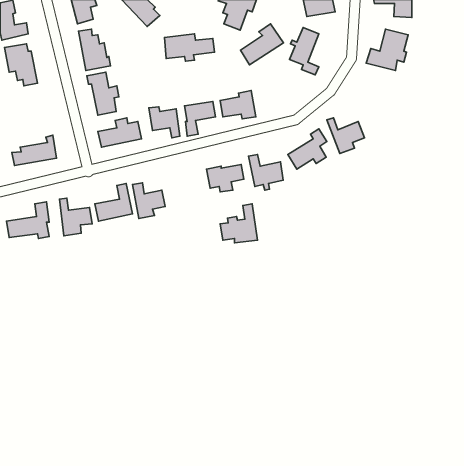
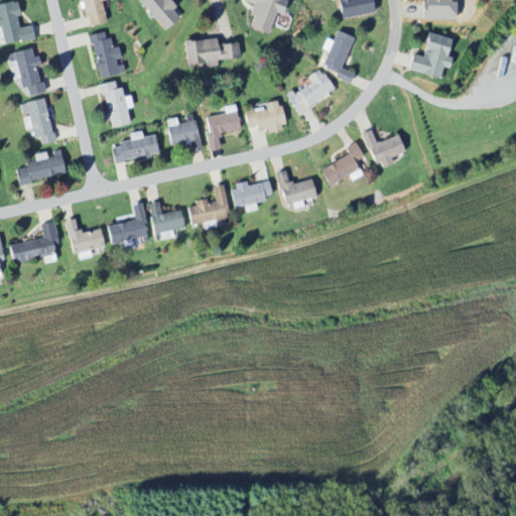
building: [241,24,283,65] -> [288,68,336,113]
building: none -> [21,99,54,144]
building: [220,204,257,243] -> [188,184,230,228]

